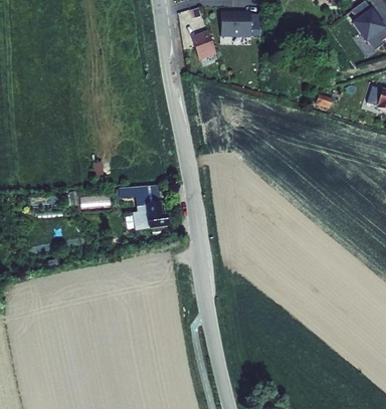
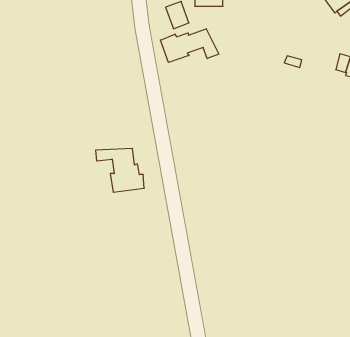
building: none -> [160,29,219,62]

